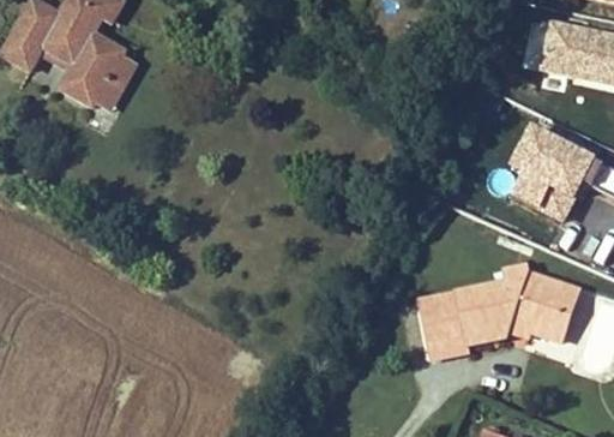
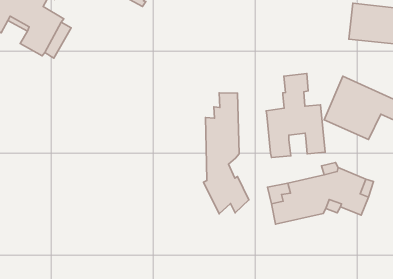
building: none -> [266,74,325,158]
building: none -> [203,93,249,214]

